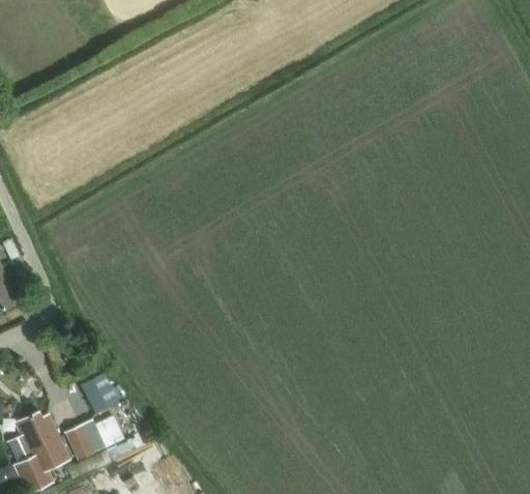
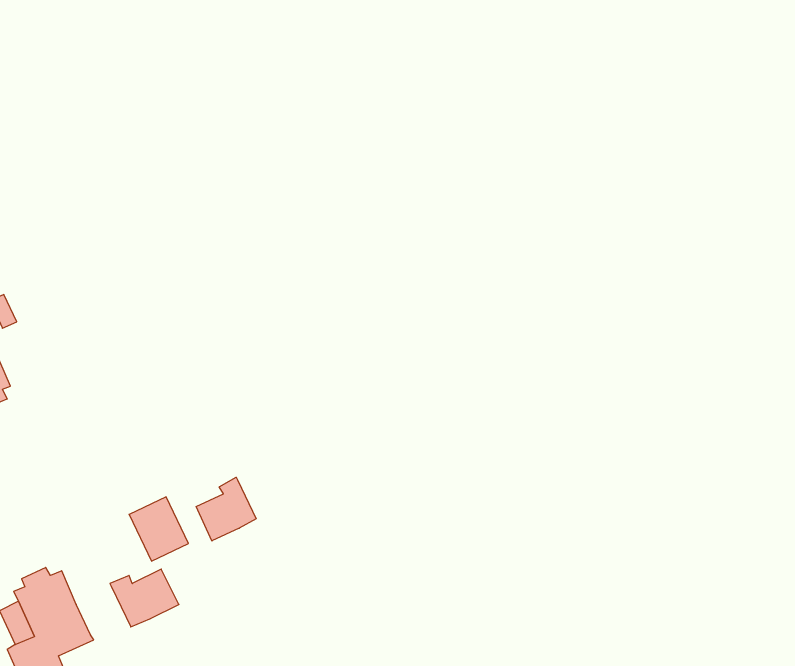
building: none -> [196,477,256,541]
building: [62,425,91,461] -> none

